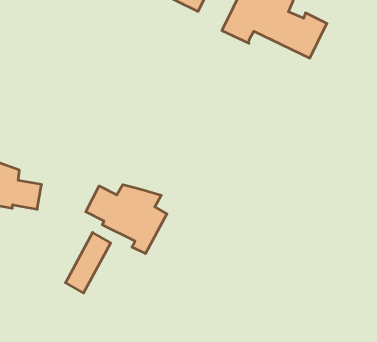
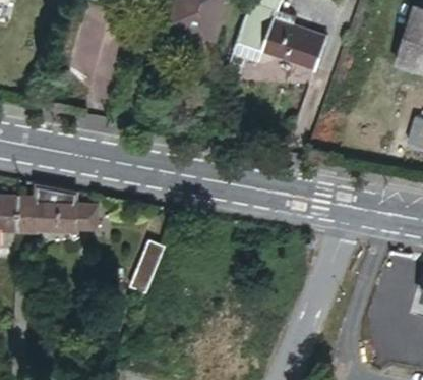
building: [86,185,167,254] -> none

